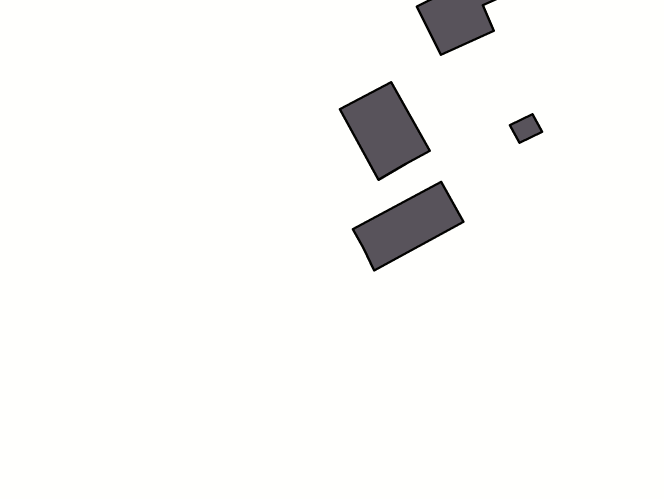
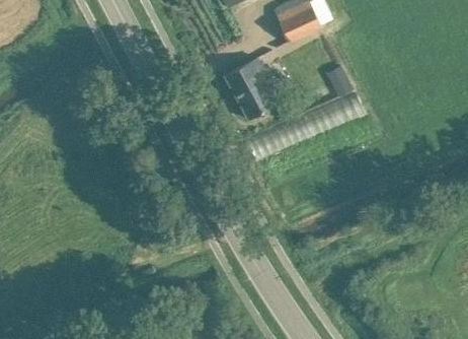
building: [353,182,464,271] -> none

